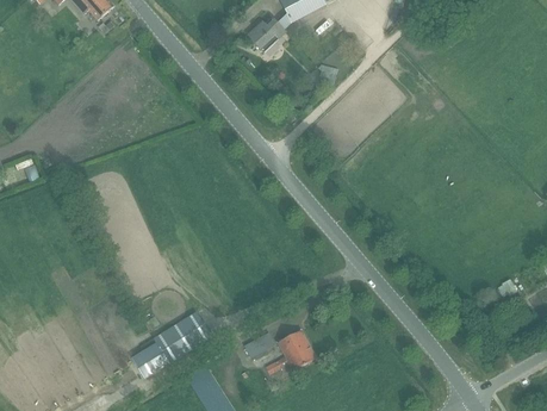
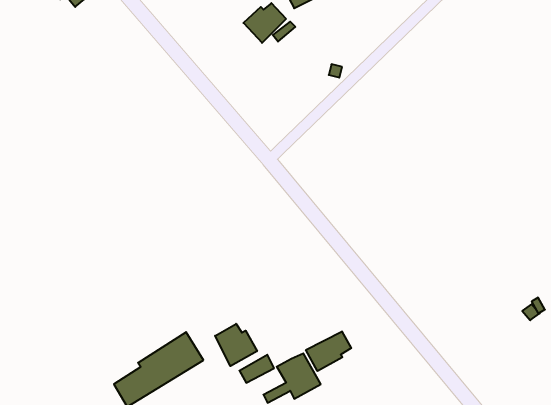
building: none -> [215,324,257,366]
building: none -> [306,331,351,371]

